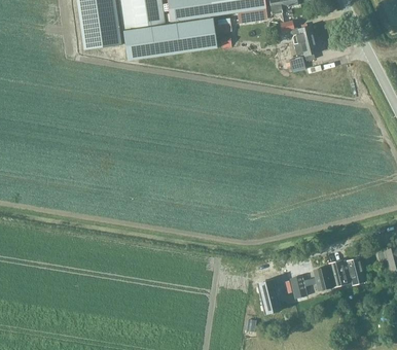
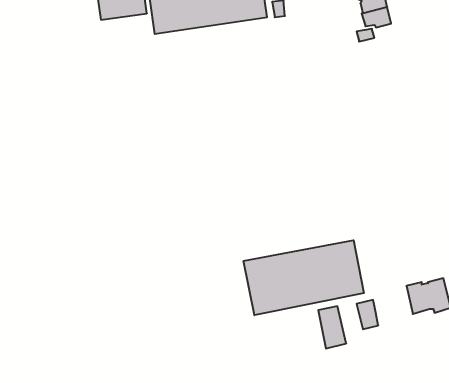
building: none -> [244,240,364,315]
building: [303,266,332,291] -> none

